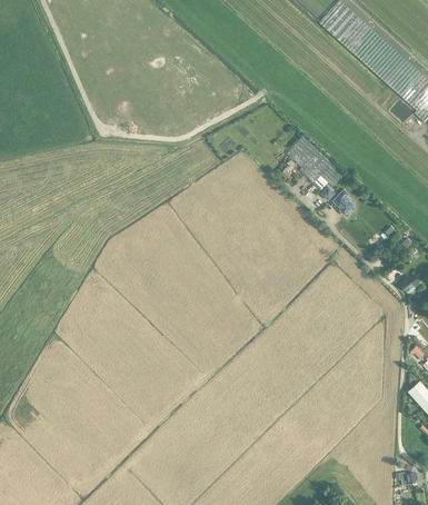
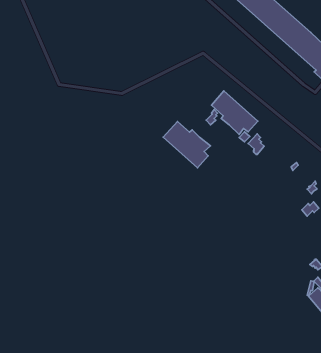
building: none -> [163,122,210,168]

